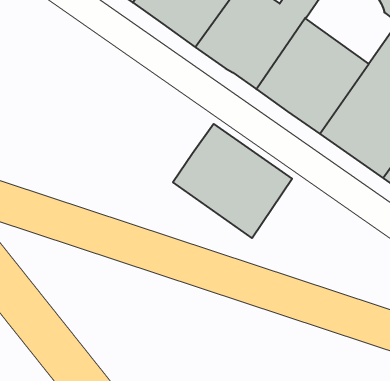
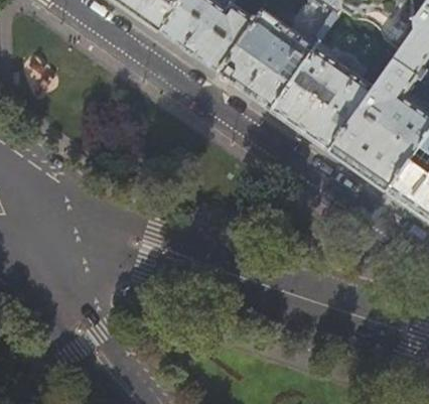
building: [173,124,292,238] -> none

